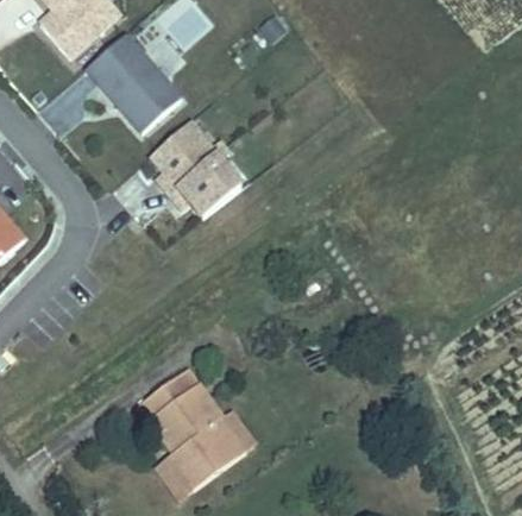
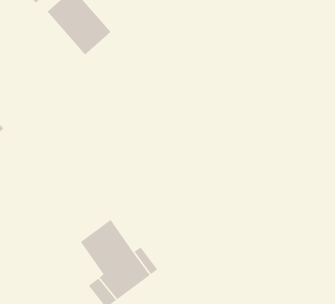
building: [152,122,241,216] -> none

